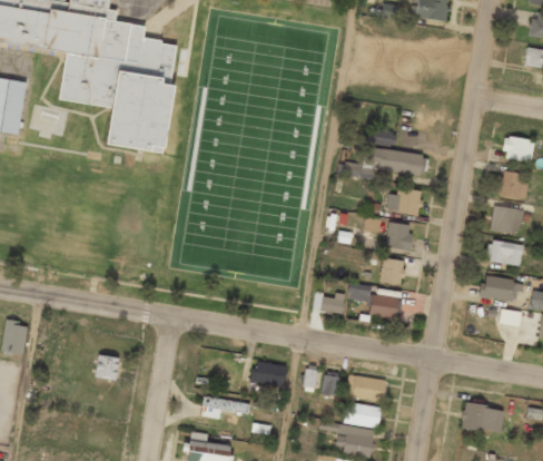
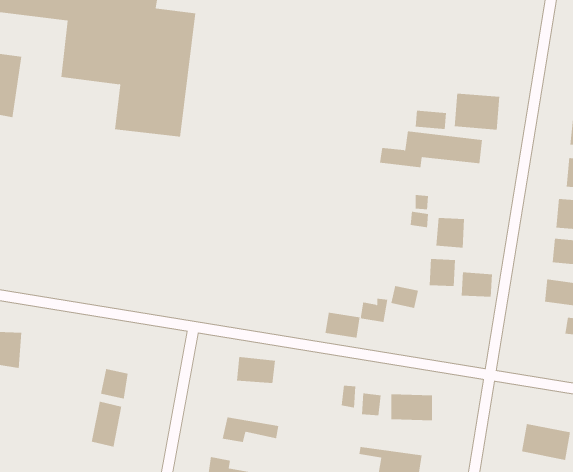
building: none -> [454,93,500,130]
building: [386,187,422,216] -> none
building: [369,295,397,317] -> [461,272,493,297]
building: none -> [325,312,360,338]
building: [251,362,286,385] -> [236,357,276,383]
building: none -> [91,401,122,448]
building: [344,403,381,428] -> none

